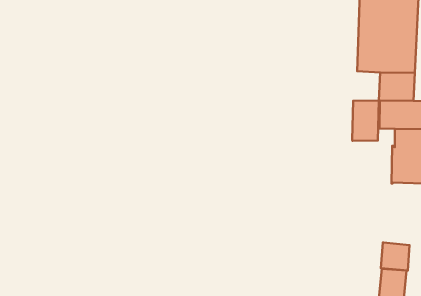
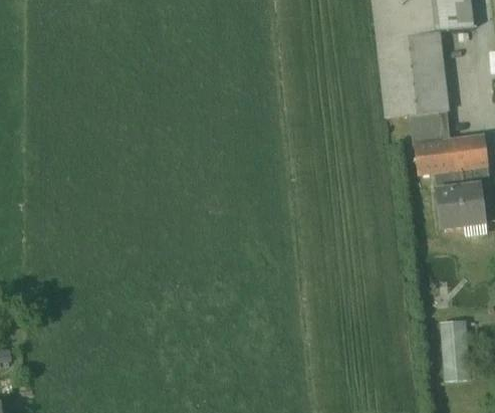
building: [352,100,379,141] -> none
building: [381,242,410,271] -> none

